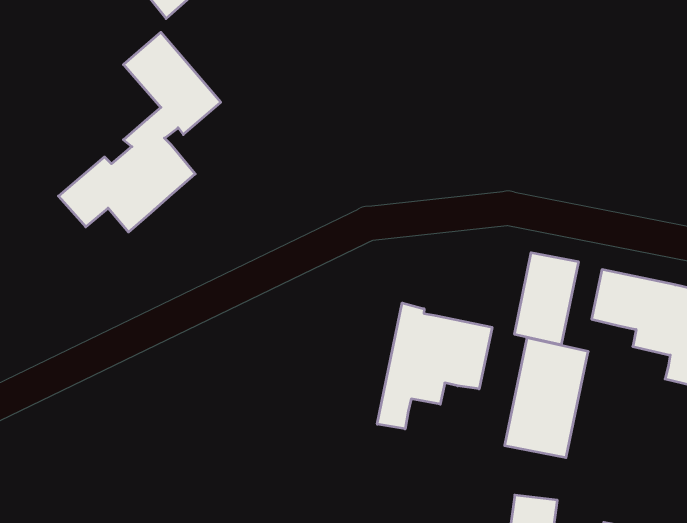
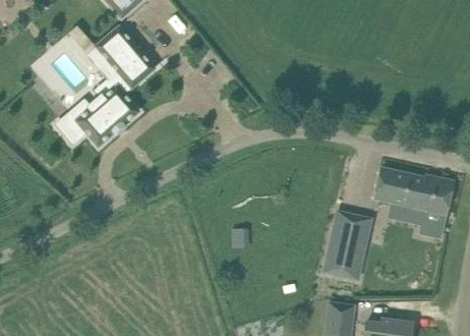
building: [515,253,578,345] -> none
building: [377,303,492,429] -> none

